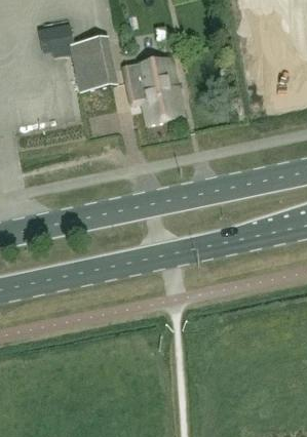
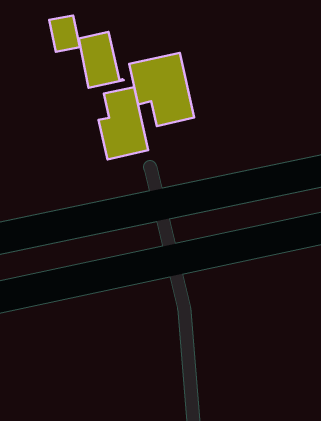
building: none -> [99,87,148,159]

